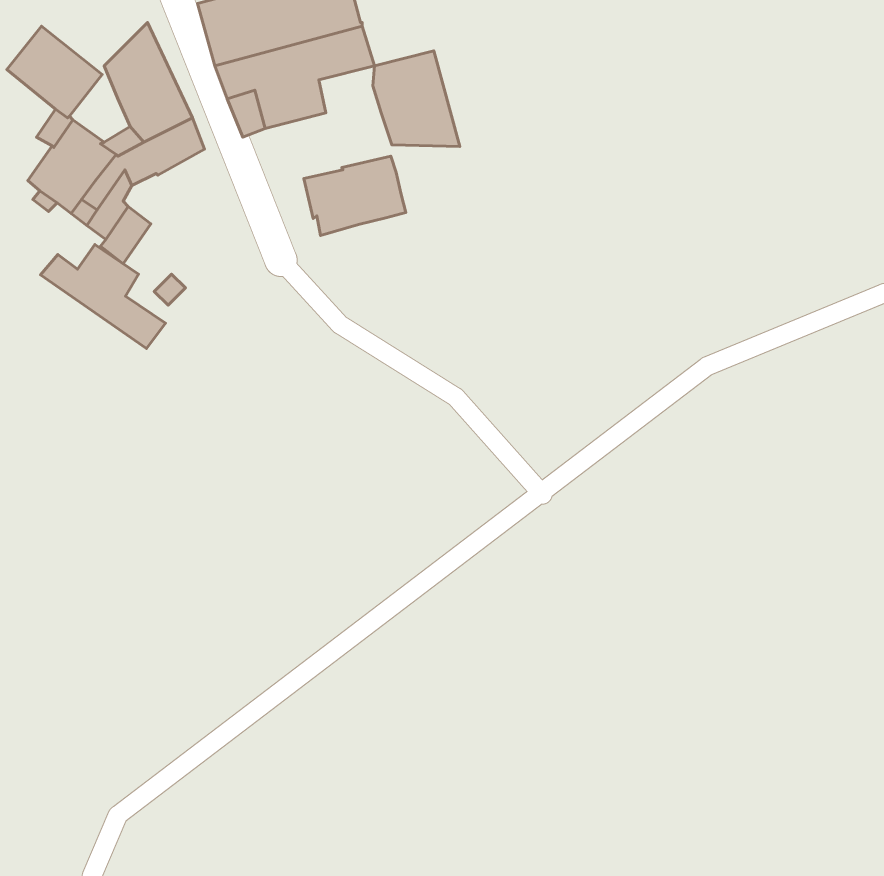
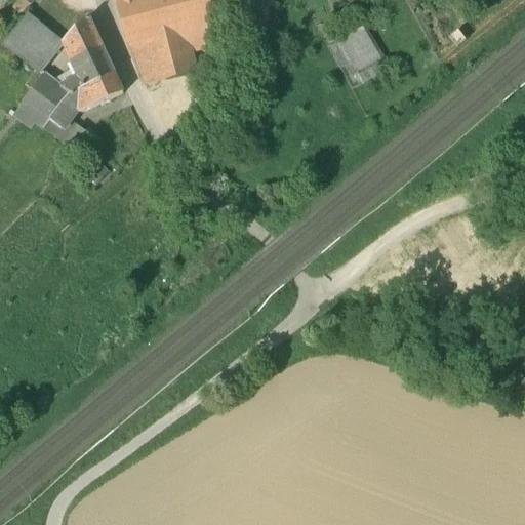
building: none -> [339,27,385,75]
building: [373,51,460,146] -> none
building: [304,156,406,236] -> none
building: [40,244,166,349] -> none

